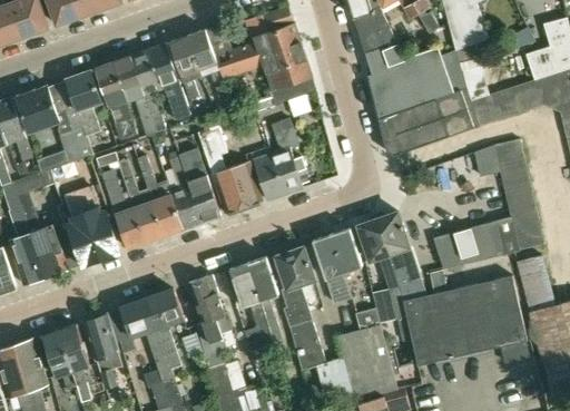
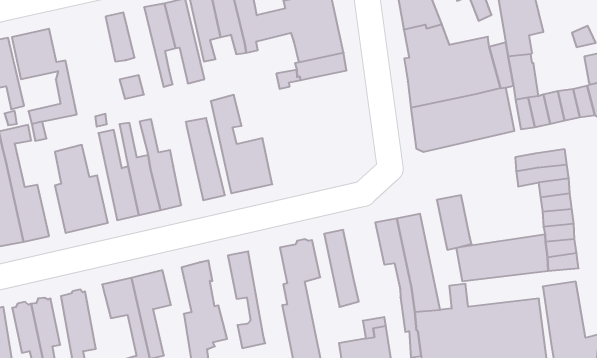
building: [111,56,157,135] -> none
building: [65,69,102,158] -> none
building: [253,117,314,199] -> none
building: [165,157,202,228] -> none
building: [330,227,365,277] -> [437,195,472,250]
building: [247,257,282,343] -> none

